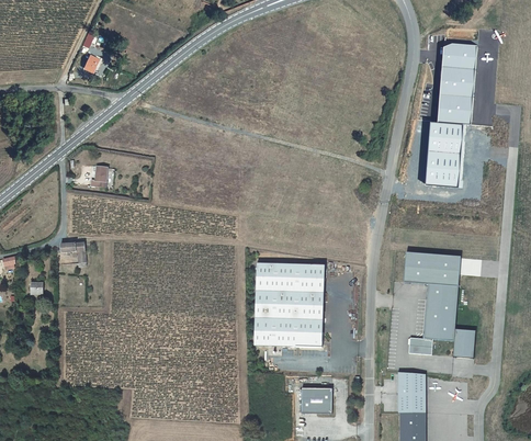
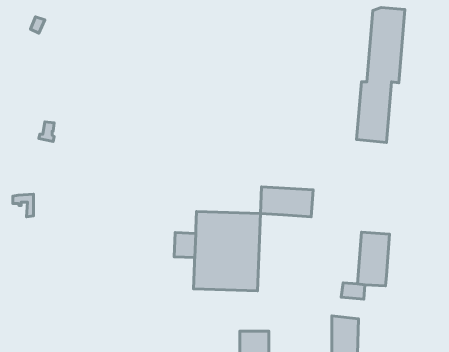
building: [406,253,462,285] -> [261,187,313,217]
building: none -> [174,233,196,258]
building: [454,329,476,359] -> none

